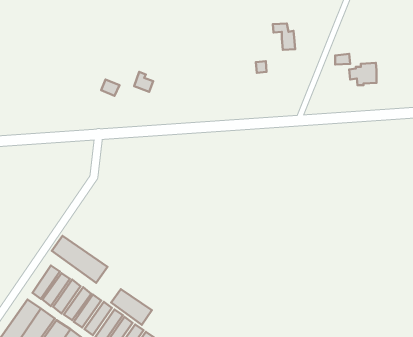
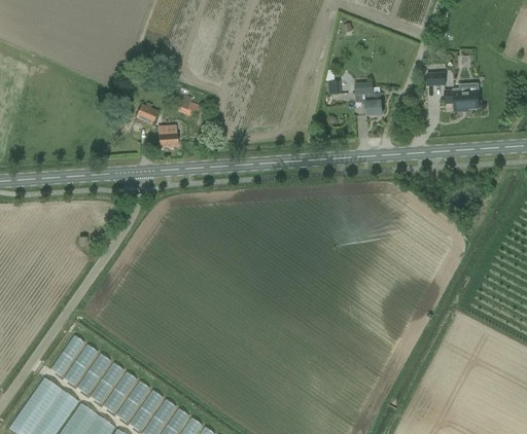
building: [273,23,295,50] -> [354,83,382,116]
building: none -> [157,126,177,148]
building: [52,236,107,283] -> none
building: [111,289,152,325] -> none

